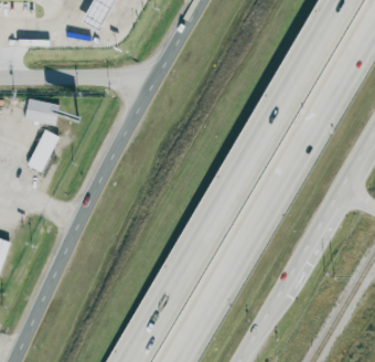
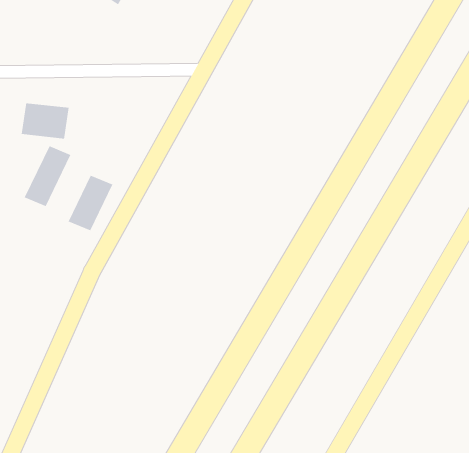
building: none -> [68,175,113,231]

